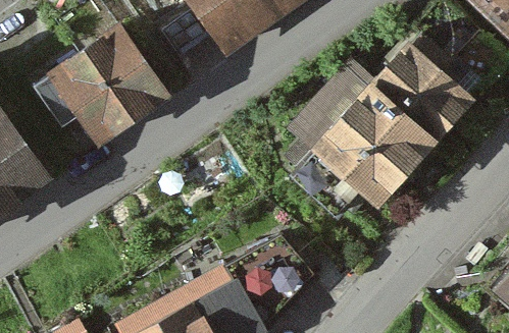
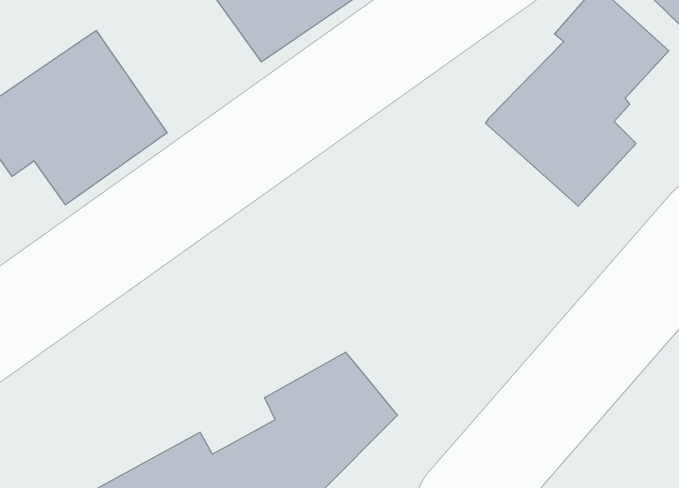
building: [292,68,428,215] -> none

